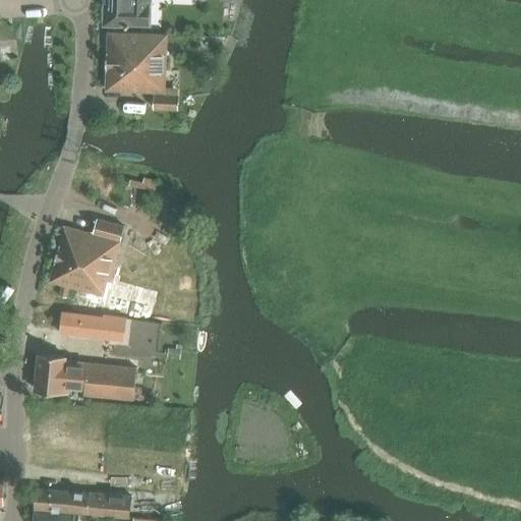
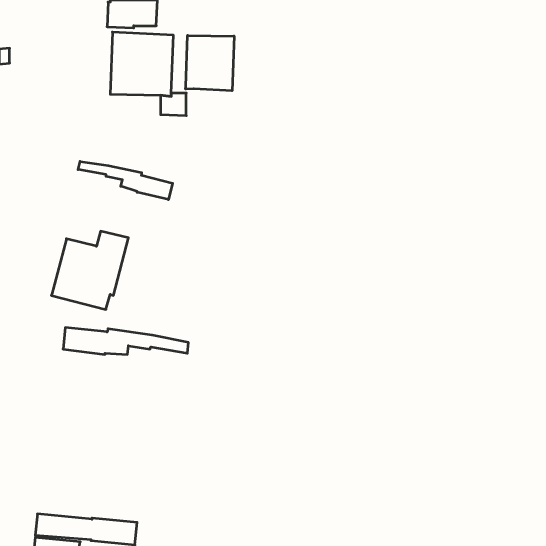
building: none -> [186,35,234,91]
building: none -> [78,161,173,200]
building: [34,355,135,401] -> none

